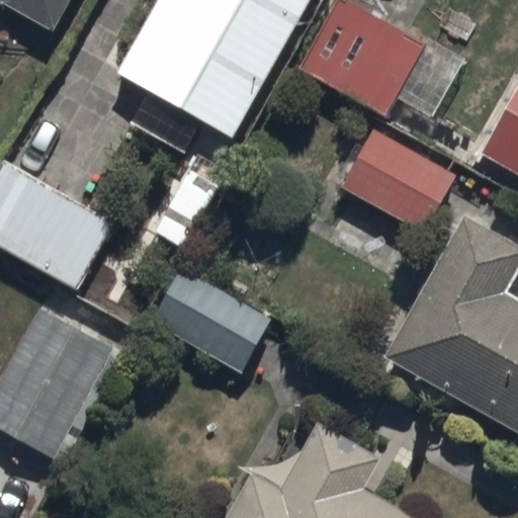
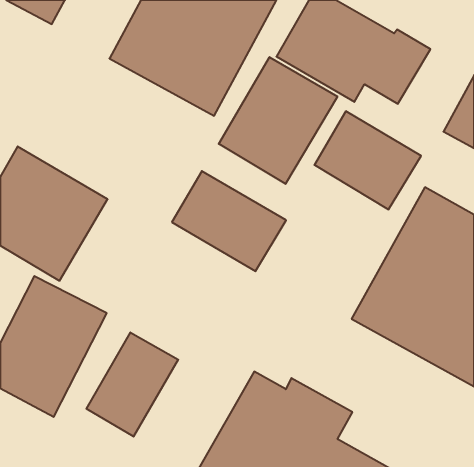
building: none -> [219,57,337,184]
building: [151,266,275,375] -> [172,171,286,271]
building: none -> [86,332,178,437]

